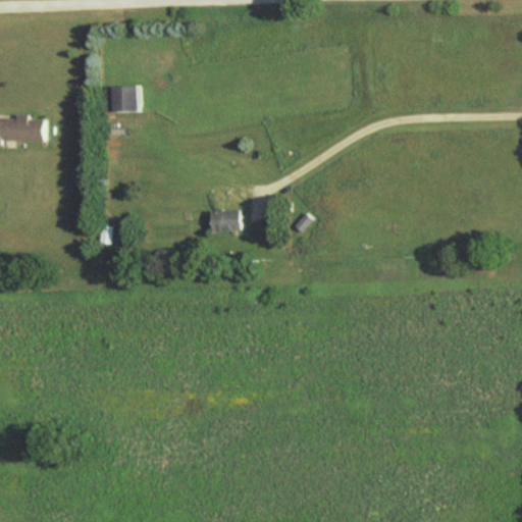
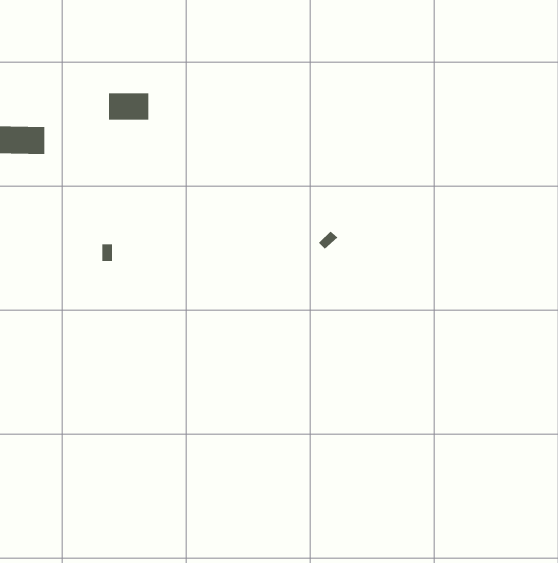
building: [209,209,240,229] -> none

